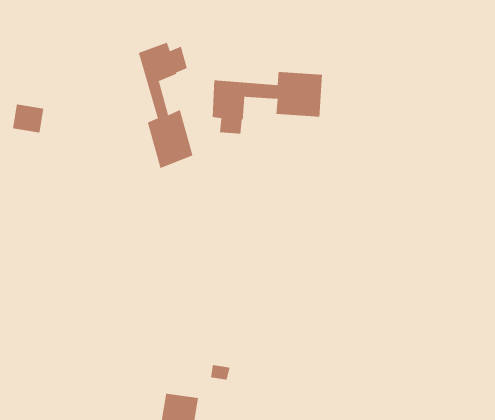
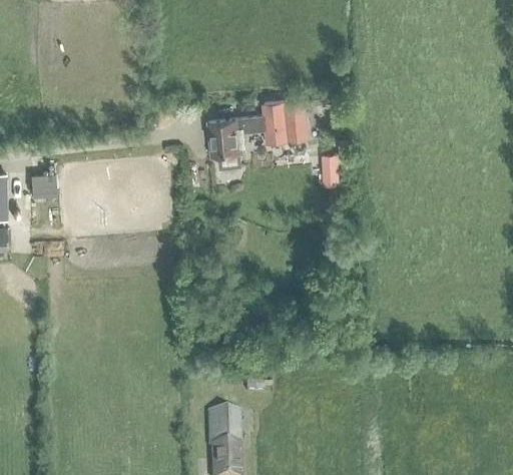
building: [138,42,193,169] -> none
building: none -> [322,154,340,186]

